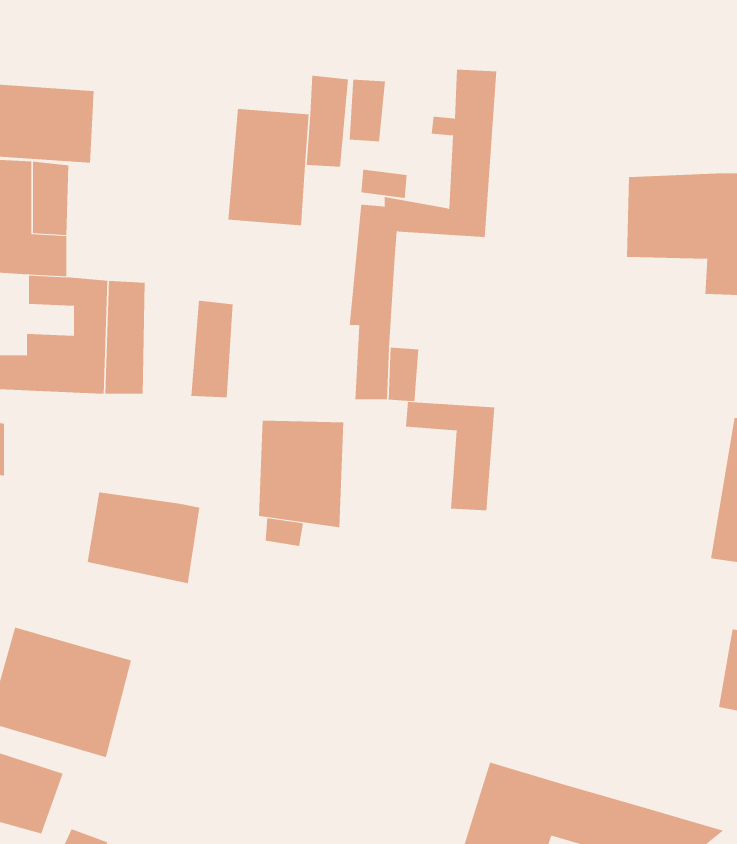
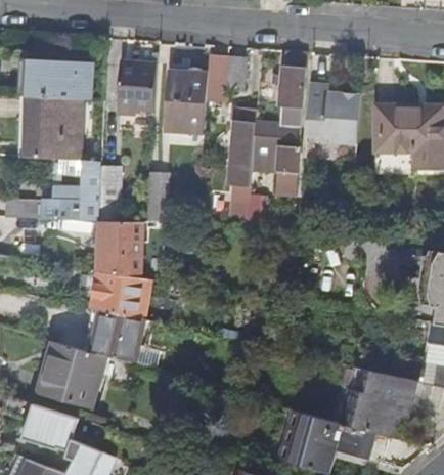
building: none -> [118,66,157,109]
building: none -> [305,83,359,146]
building: [405,401,495,511] -> [253,135,300,192]
building: [258,420,344,528] -> [97,221,142,277]
building: none -> [89,311,143,364]
building: none -> [340,370,413,439]

